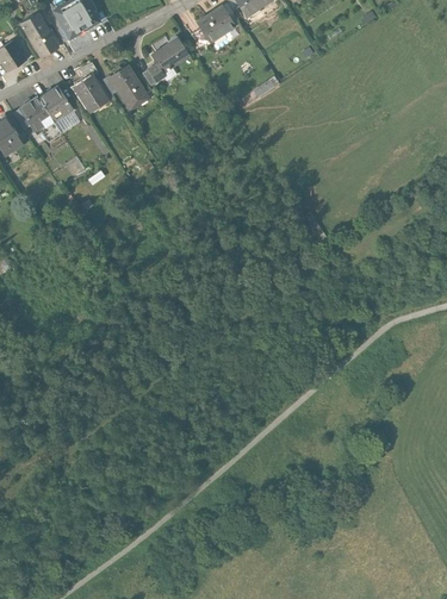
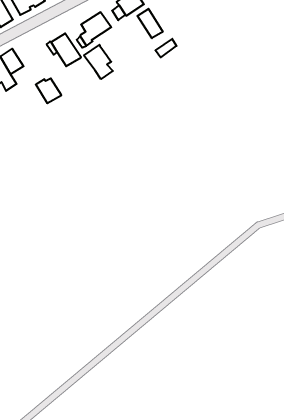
building: none -> [137,9,163,38]
building: [74,79,108,112] -> [36,78,61,103]
building: none -> [84,45,113,79]

